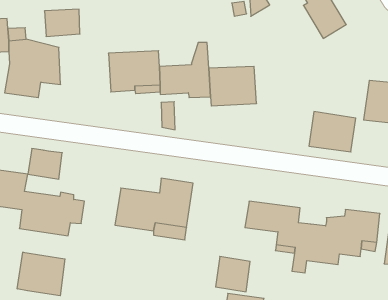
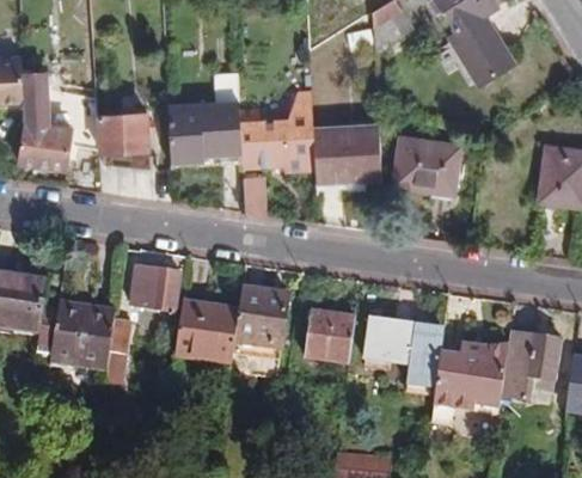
building: [44,9,80,36] -> [97,111,148,151]
building: [309,112,356,152] -> [392,135,460,194]
building: [28,149,62,179] -> [130,265,180,310]
building: [17,252,65,296] -> none
building: [216,256,250,292] -> [306,310,356,361]

